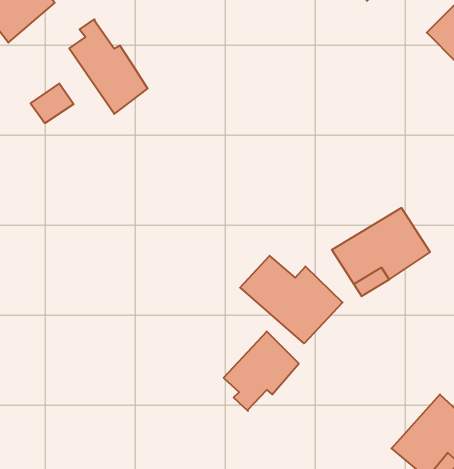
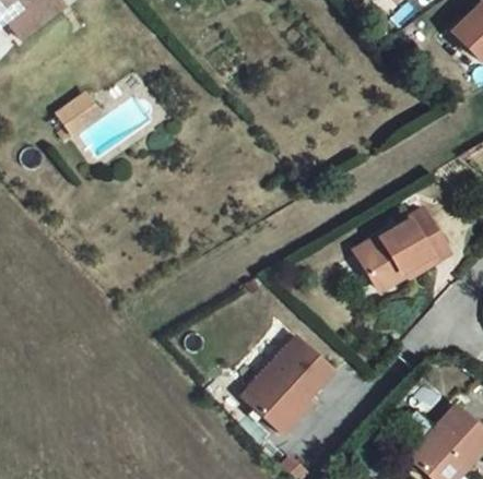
building: [69,19,148,114] -> none
building: [240,256,343,343] -> none
building: none -> [272,378,321,424]

